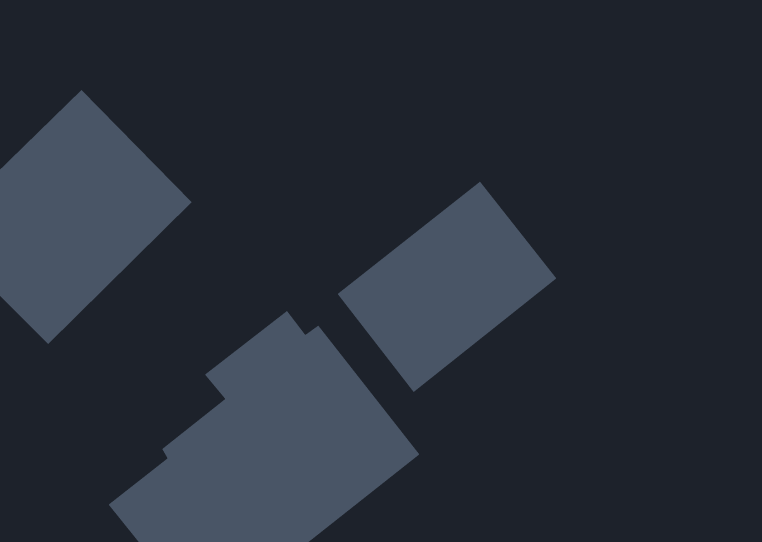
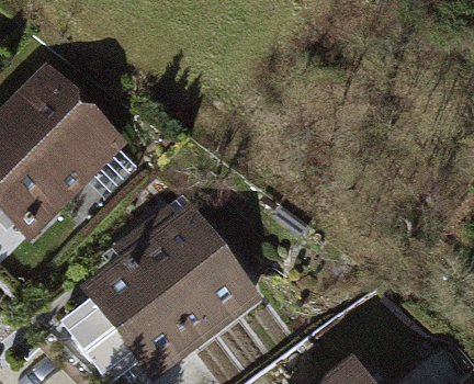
building: [336,181,557,393] -> none

